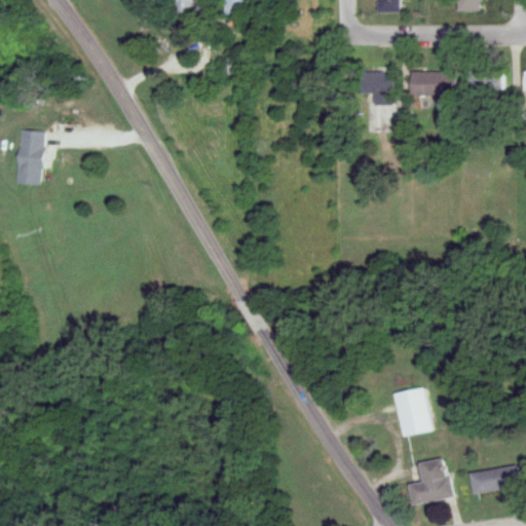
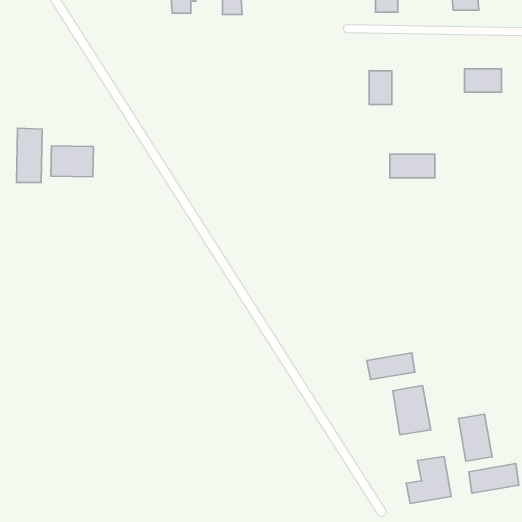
building: [409,70,454,93] -> [390,154,435,178]
building: none -> [51,146,93,177]
building: none -> [367,353,415,379]
building: none -> [458,414,492,461]

